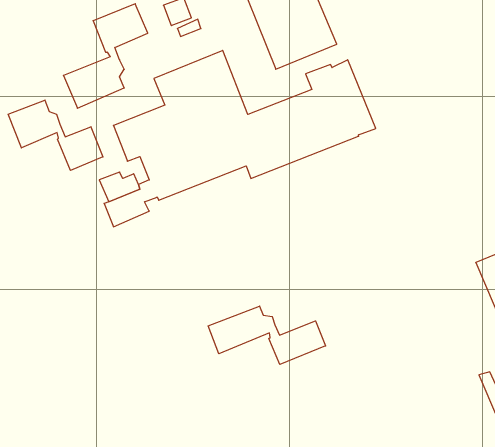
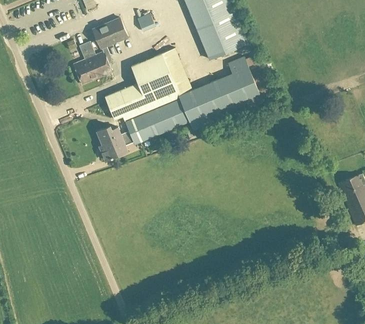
building: [8,100,103,170] -> none
building: [208,306,326,364] -> none

